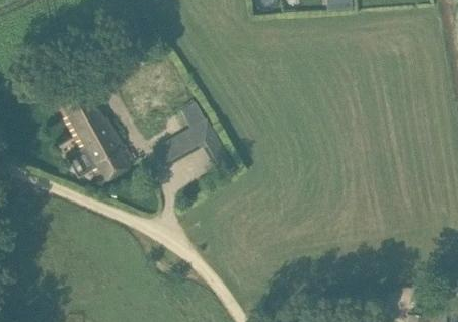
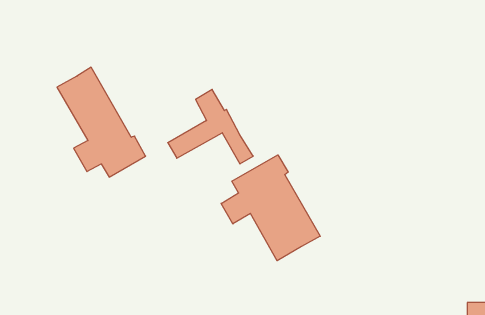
building: none -> [221,155,320,261]

